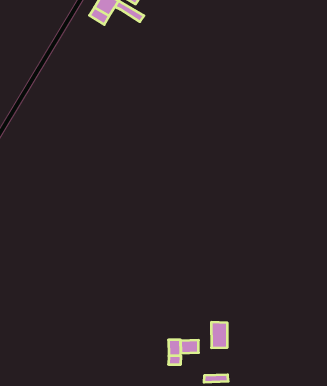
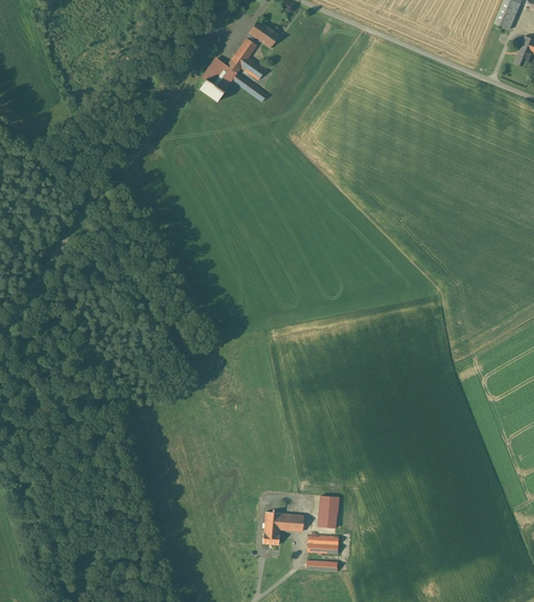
building: none -> [307,535,339,554]

